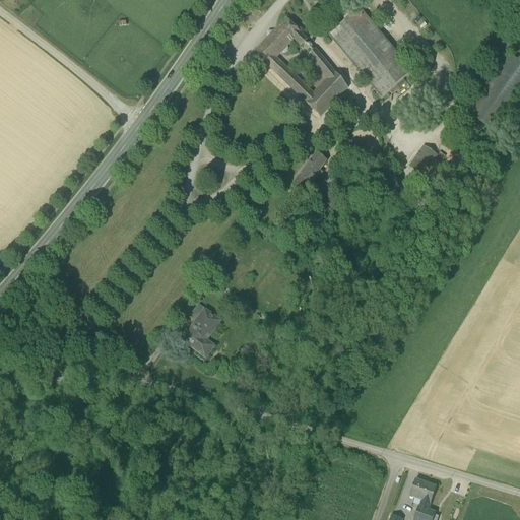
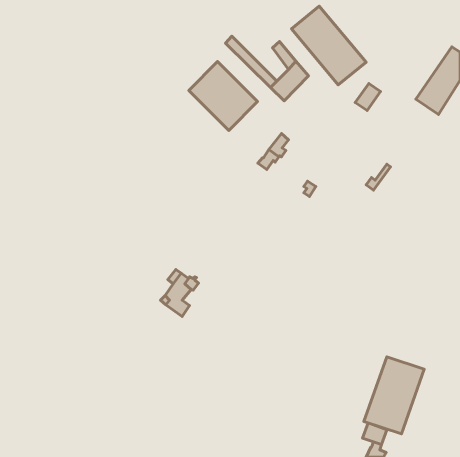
building: [261,16,307,55] -> none
building: none -> [189,61,257,131]
building: [408,143,437,174] -> [355,84,381,111]
building: none -> [364,357,424,434]

